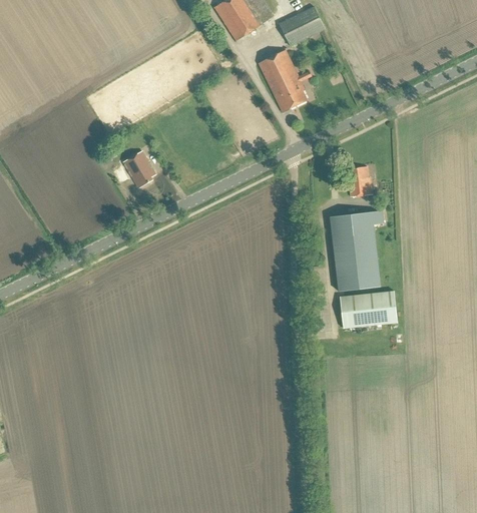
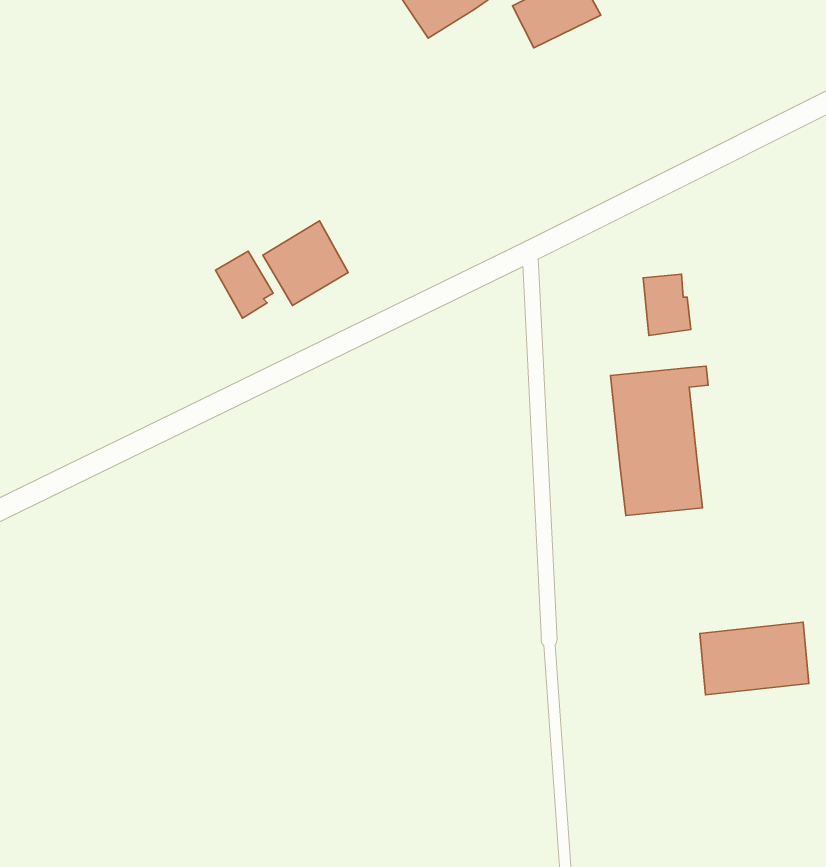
building: [258,49,311,112] -> none
building: none -> [263,221,348,305]
building: [340,290,397,328] -> [700,622,809,695]

